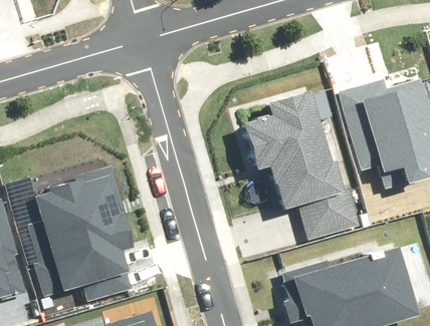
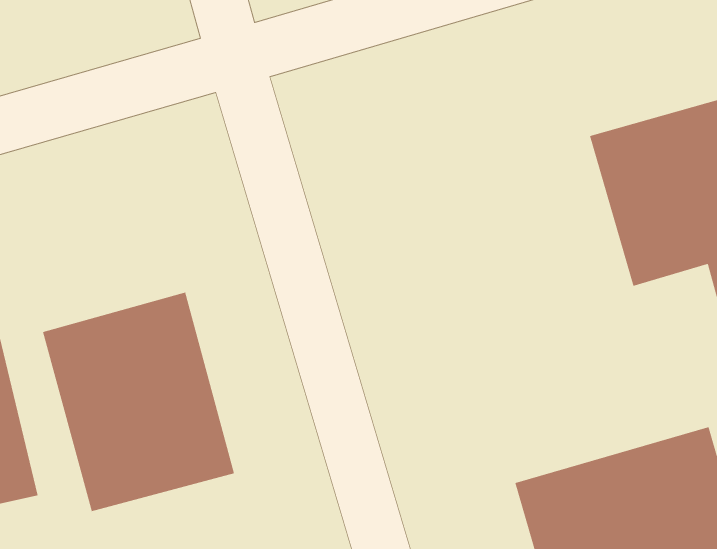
building: [236,94,357,232] -> none

